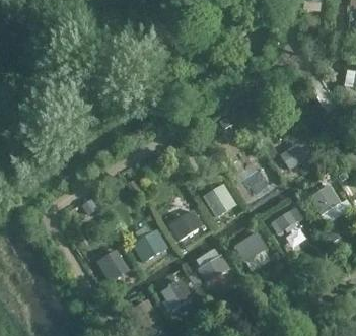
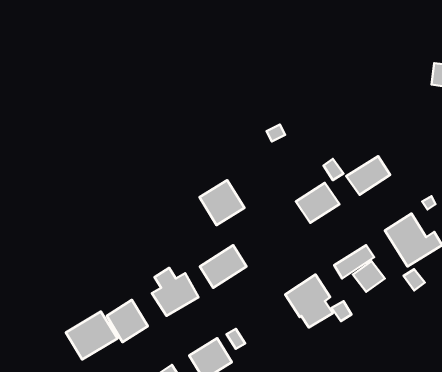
building: [202,184,236,218] -> [199,180,245,225]
building: [195,249,229,285] -> none
building: none -> [66,312,117,360]

